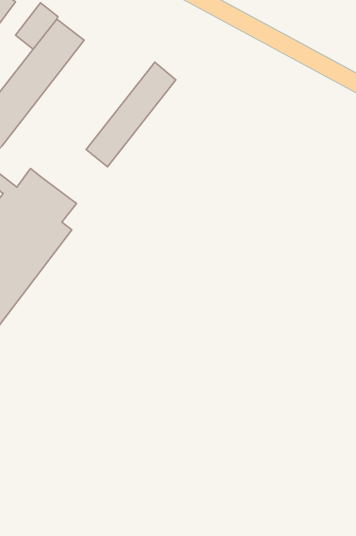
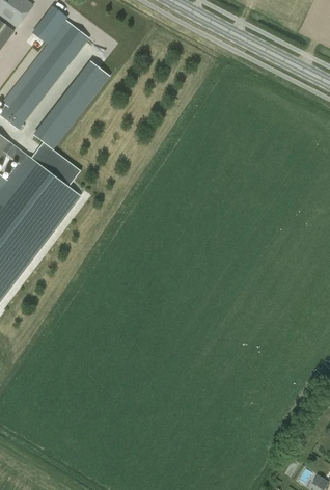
building: [86,62,176,167] -> [34,62,109,149]

